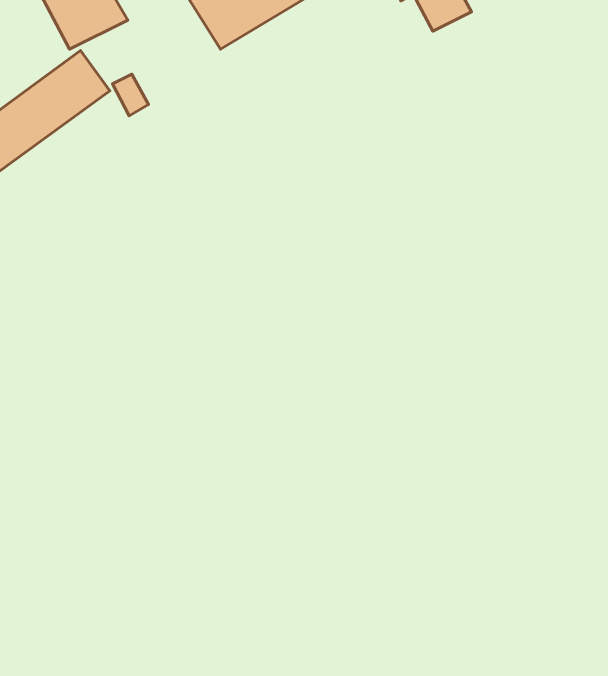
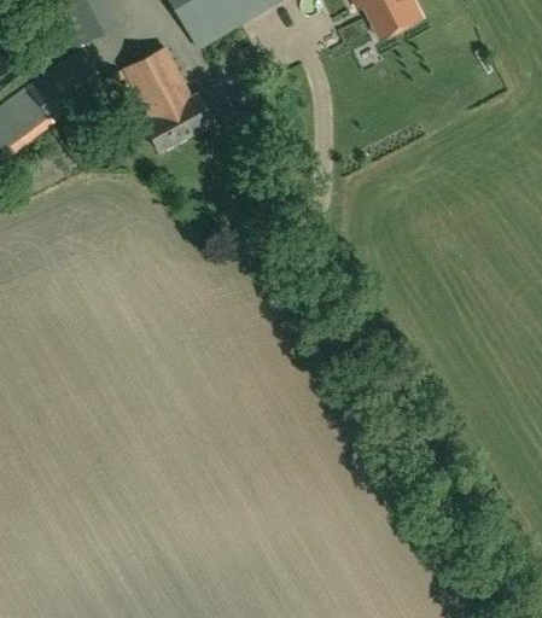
building: none -> [126,47,212,150]

